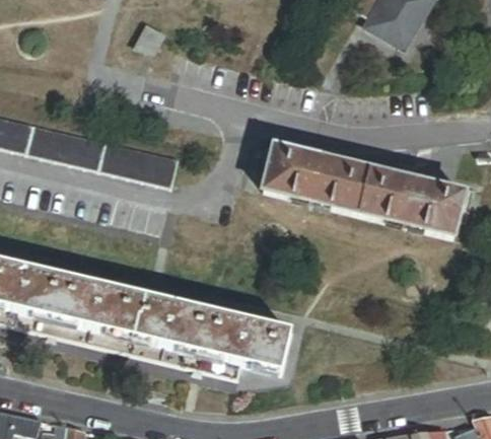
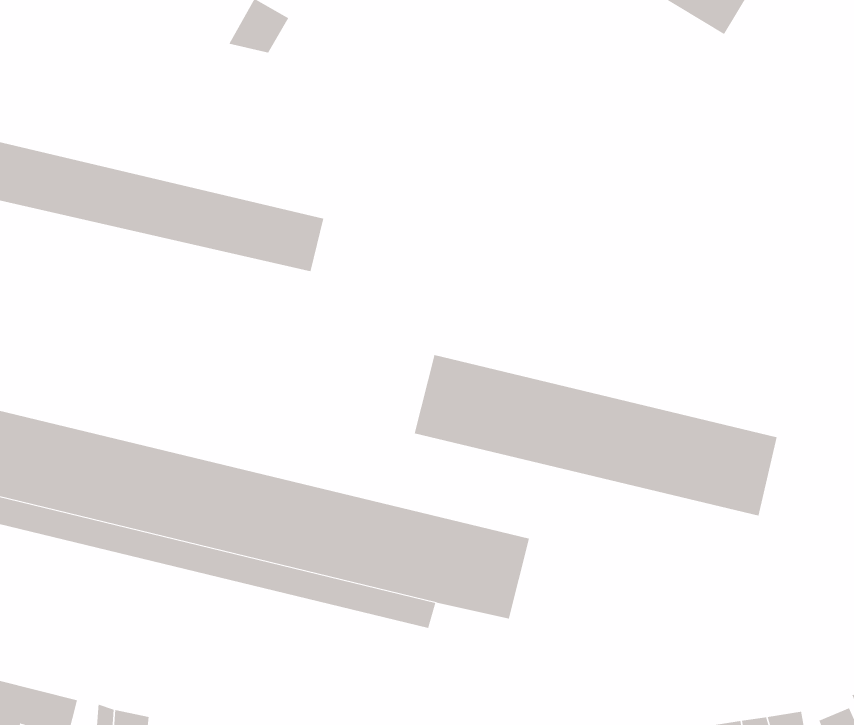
building: [264,149,465,238] -> [414,355,778,516]

